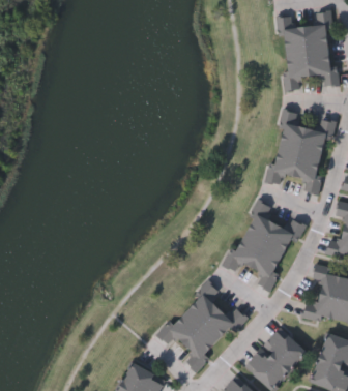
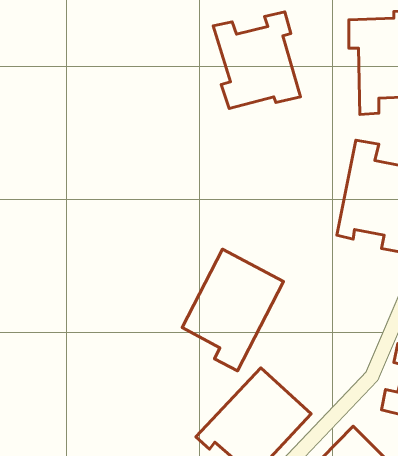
building: none -> [213,12,300,108]
building: [230,200,308,293] -> [182,249,284,371]

